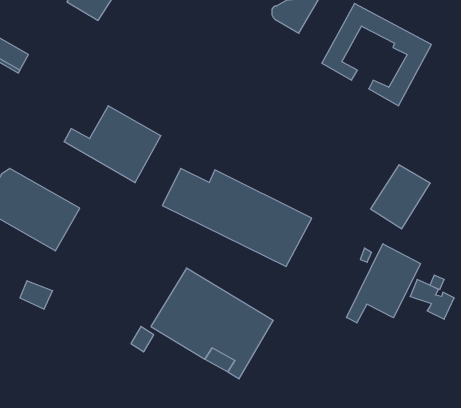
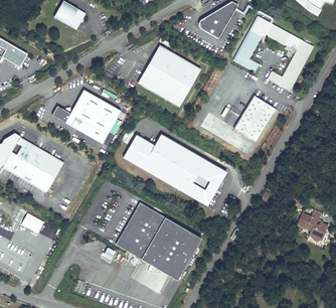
building: none -> [138,44,201,107]
building: [370,165,430,229] -> [233,96,276,141]
building: [347,244,421,323] -> none

